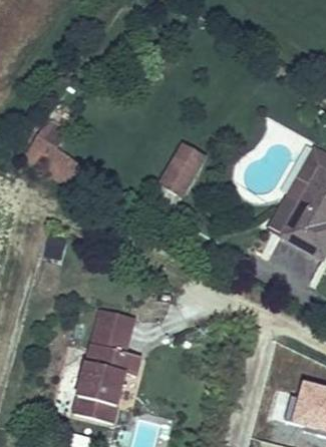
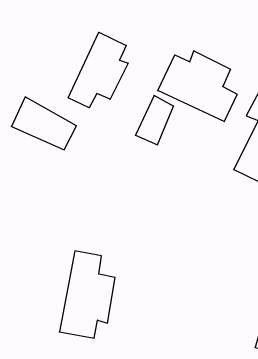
building: none -> [68,32,128,108]
building: none -> [158,51,237,122]

